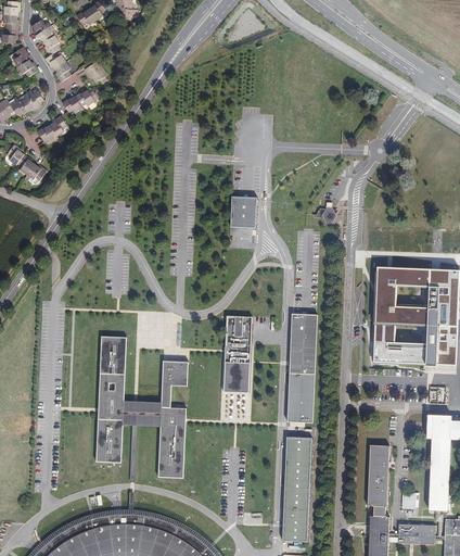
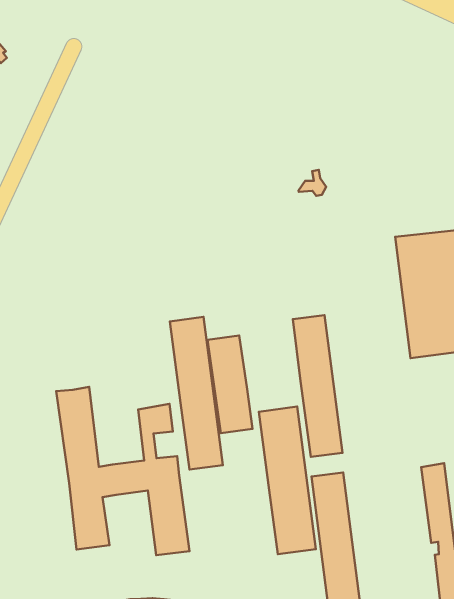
building: [228,199,253,230] -> none
building: none -> [170,317,223,470]
building: none -> [259,407,316,554]

